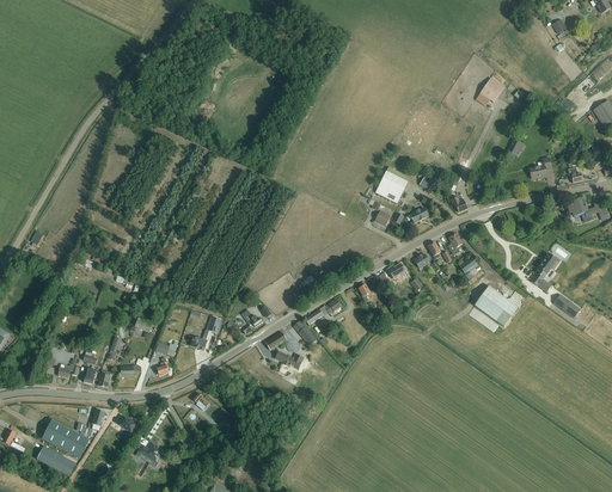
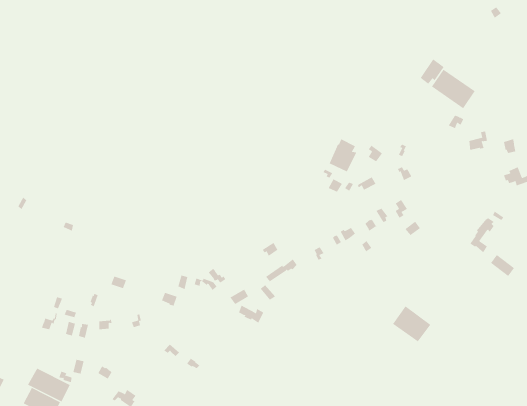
building: none -> [431,69,475,109]
building: [475,285,518,326] -> [392,305,431,342]

